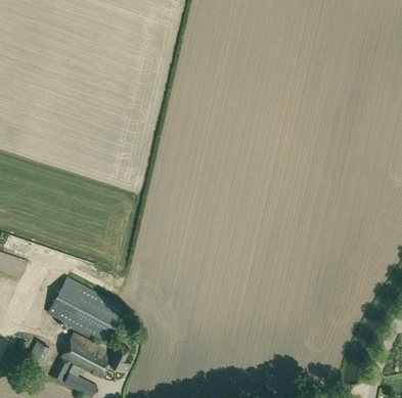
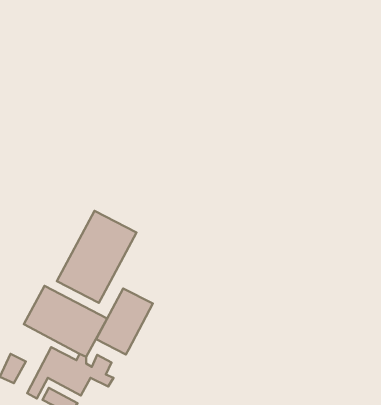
building: none -> [57,211,136,303]
building: none -> [96,288,153,354]

